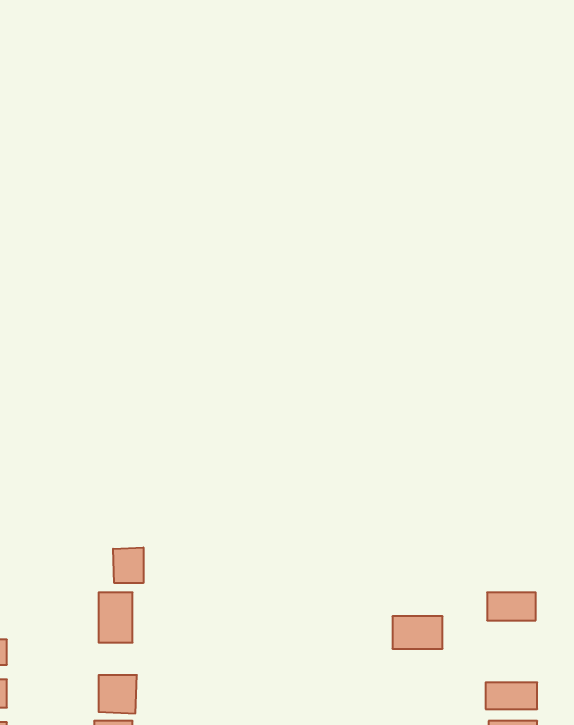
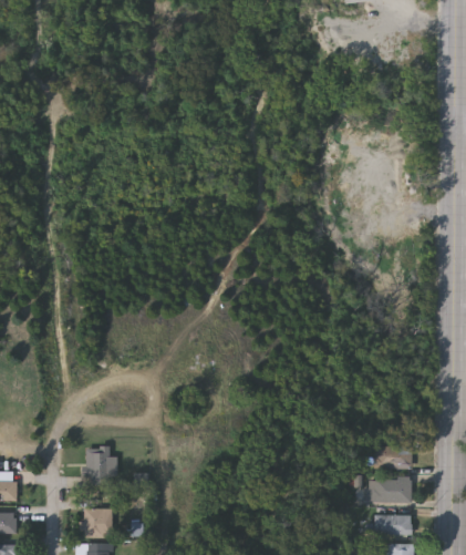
building: [113,547,143,583] -> none
building: [392,616,443,649] -> [374,477,412,502]

